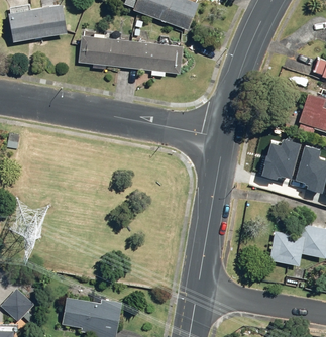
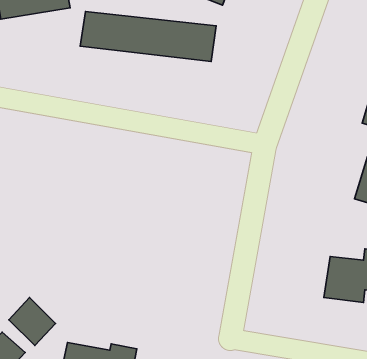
building: [259,142,298,183] -> none
building: none -> [9,298,56,346]

